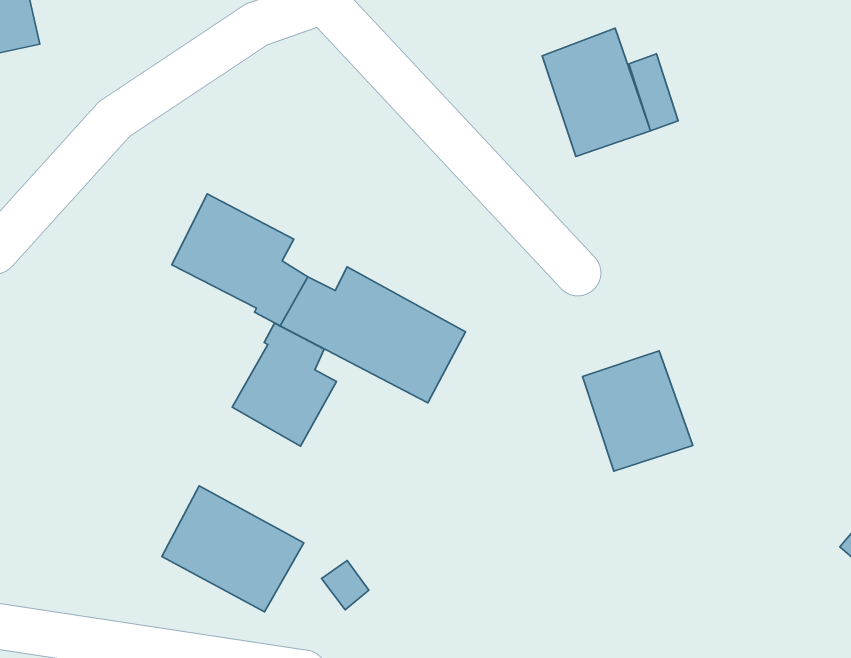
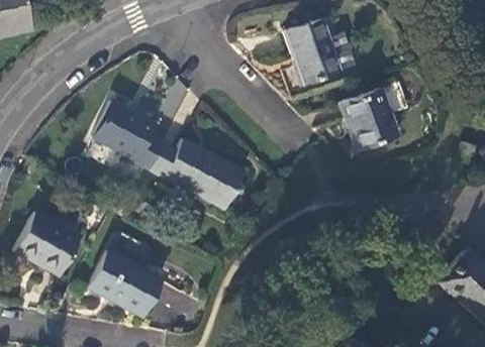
building: [232,323,337,446] -> none
building: [582,351,693,471] -> [341,88,397,149]
building: none -> [15,212,81,274]

